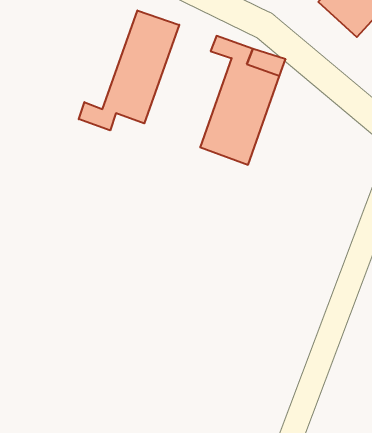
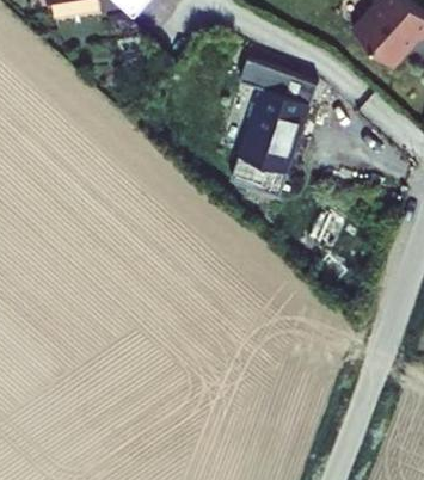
building: [79,10,179,130] -> none

